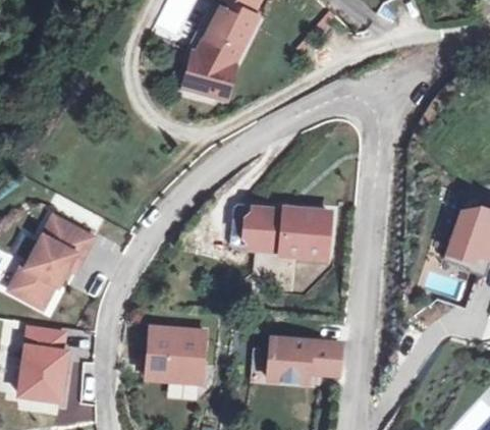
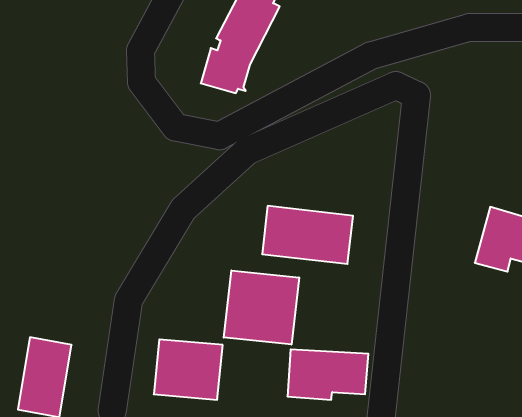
building: [8,213,97,309] -> none
building: none -> [224,270,299,345]

